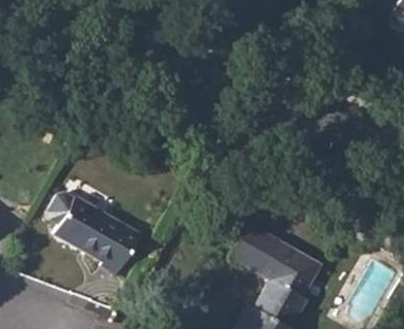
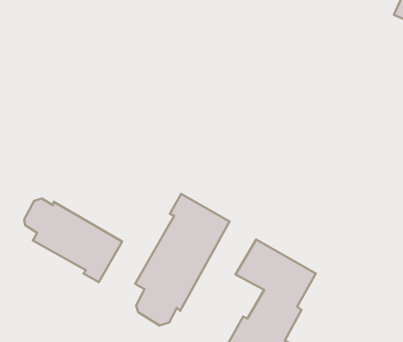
building: none -> [135,194,230,325]

